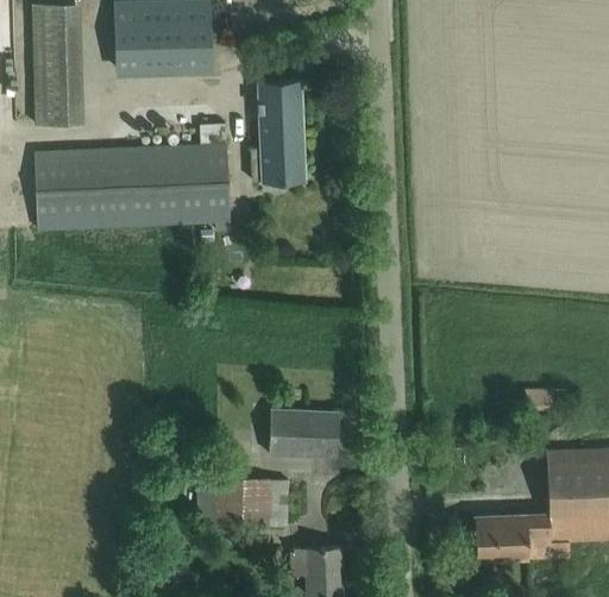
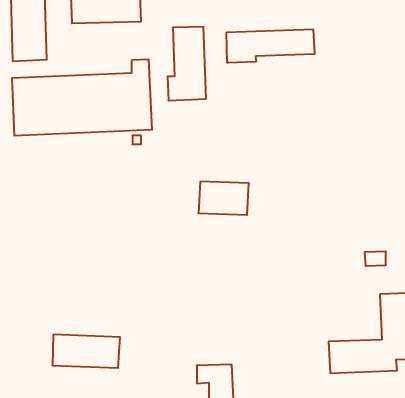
building: none -> [227,29,314,63]
building: [269,410,339,457] -> [198,181,249,215]
building: [197,480,291,527] -> [52,335,120,368]

